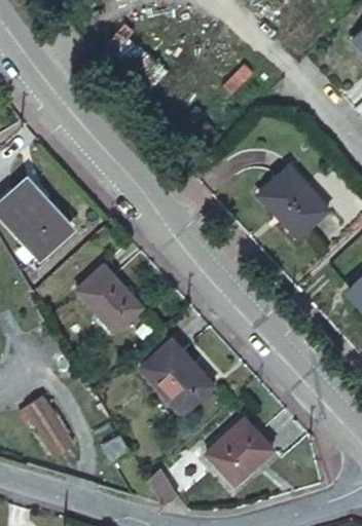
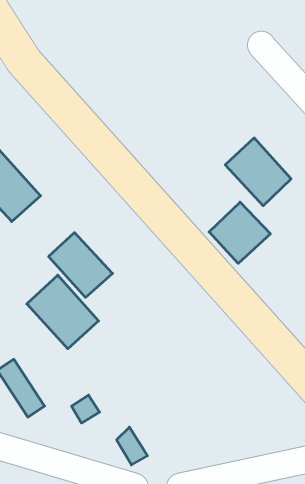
building: none -> [209,202,270,263]
building: [141,340,215,416] -> [27,275,99,349]
building: [209,418,274,484] -> none

